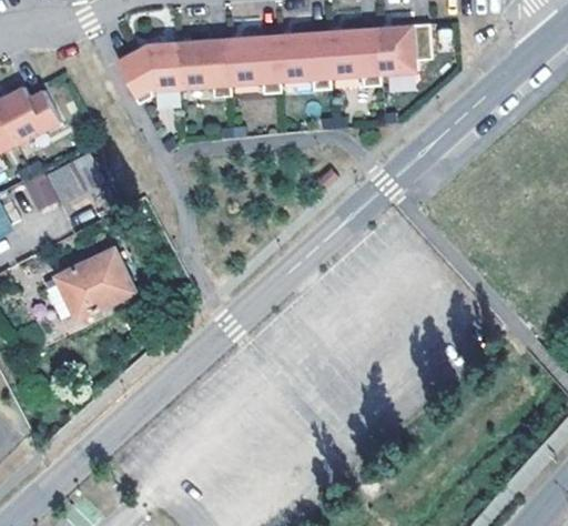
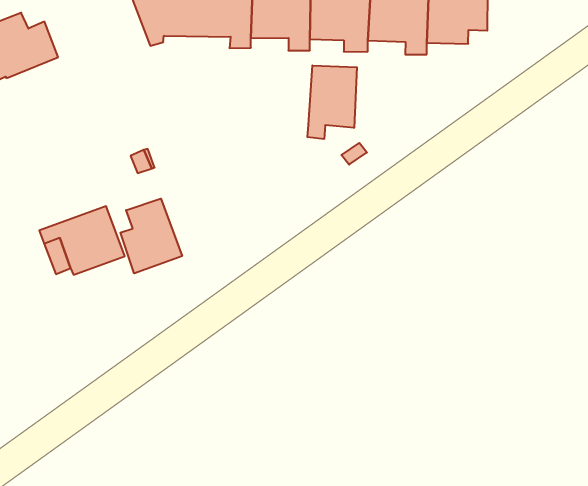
building: none -> [308,65,357,139]
building: [43,154,102,206] -> none
building: none -> [120,199,182,273]

